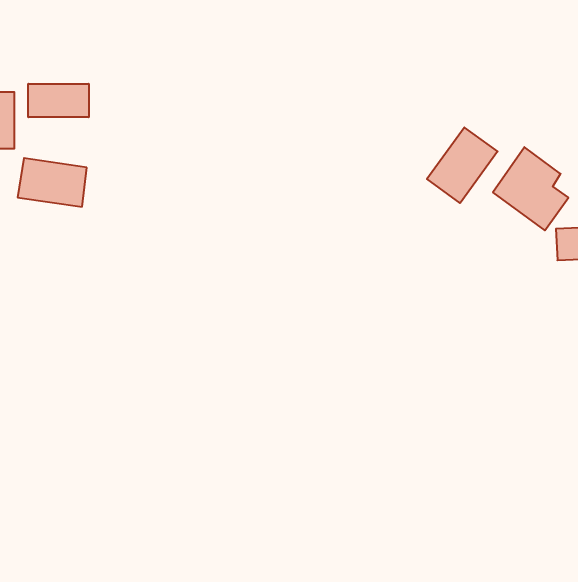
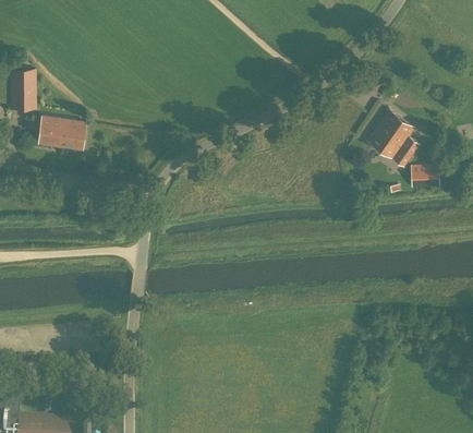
building: [28,84,89,117] -> none
building: [427,127,498,203] -> none

